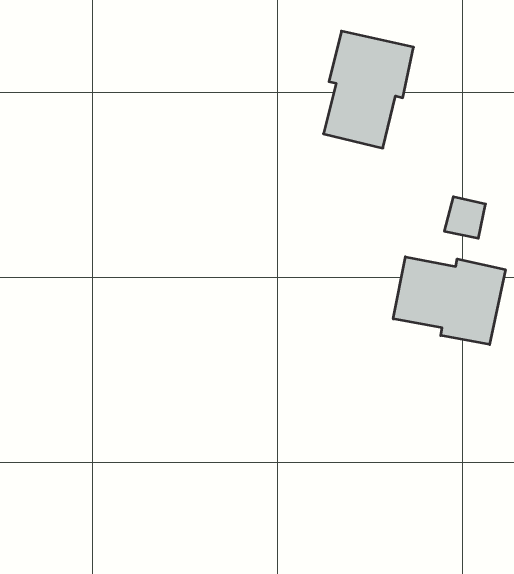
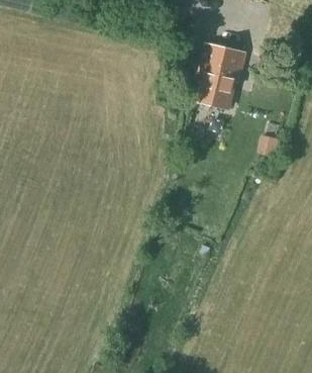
building: [393,257,505,345] -> none

